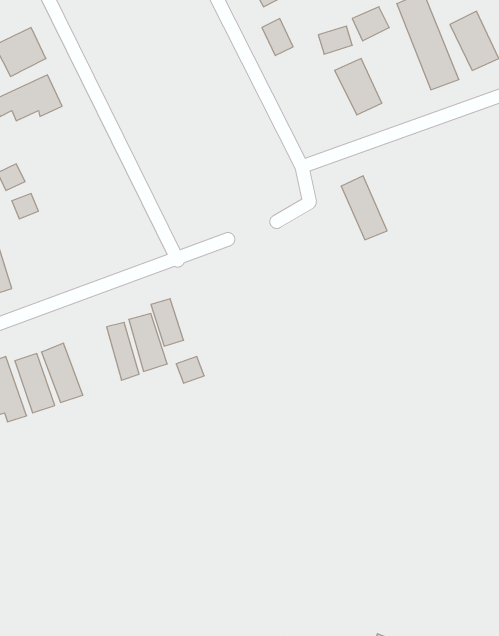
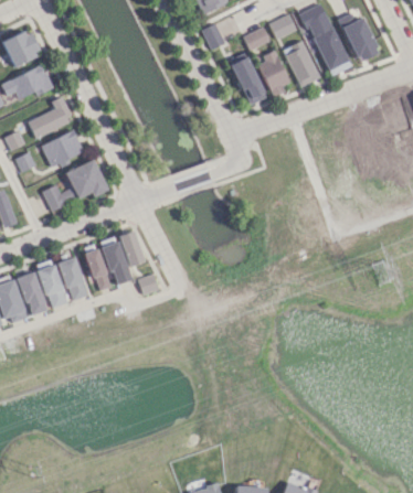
building: none -> [284,40,319,86]
building: none -> [29,96,73,137]
building: none -> [41,130,84,165]
building: [341,176,387,240] -> [232,56,266,104]
building: none -> [43,159,107,210]
building: none -> [57,256,88,300]

